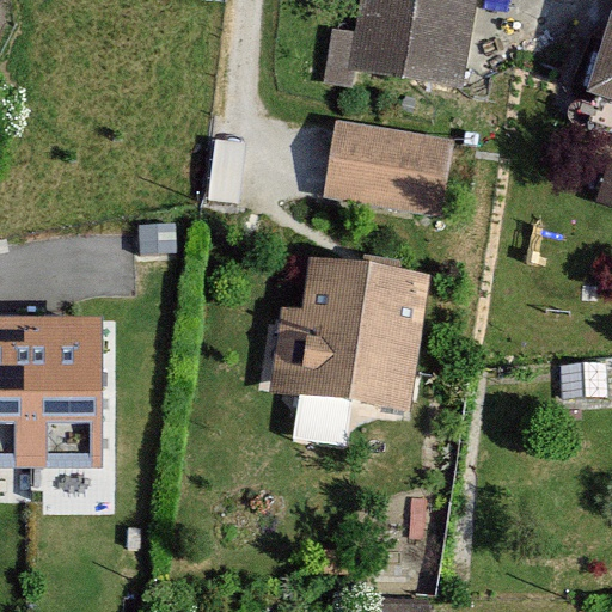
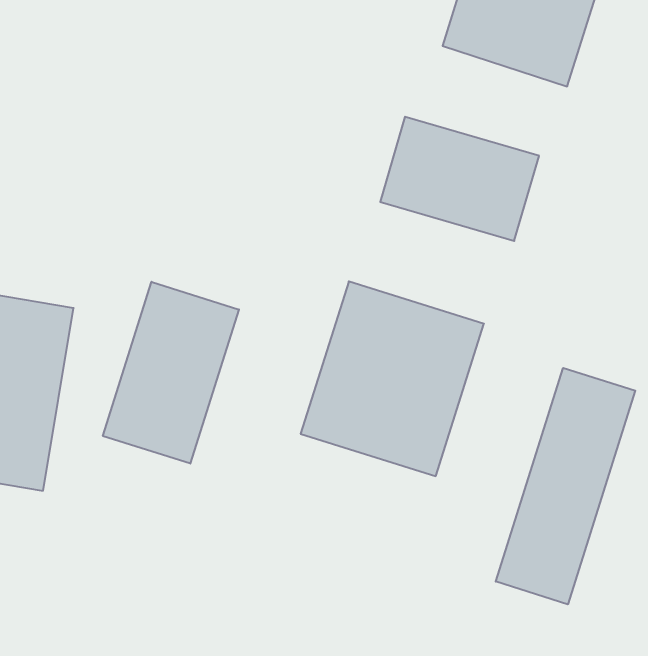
building: none -> [103,282,239,464]
building: none -> [496,368,635,604]

